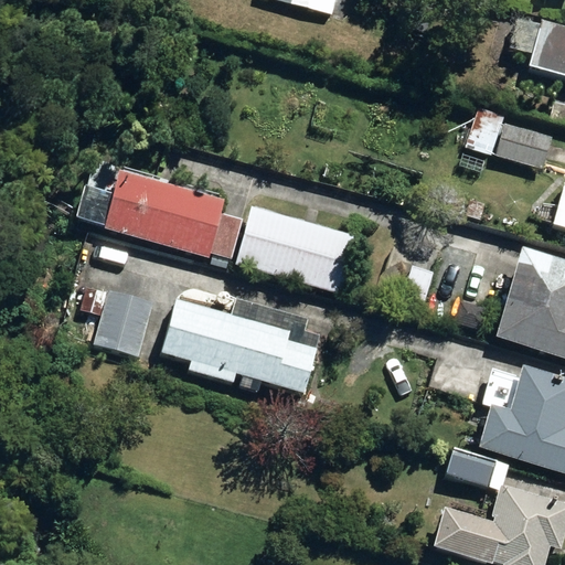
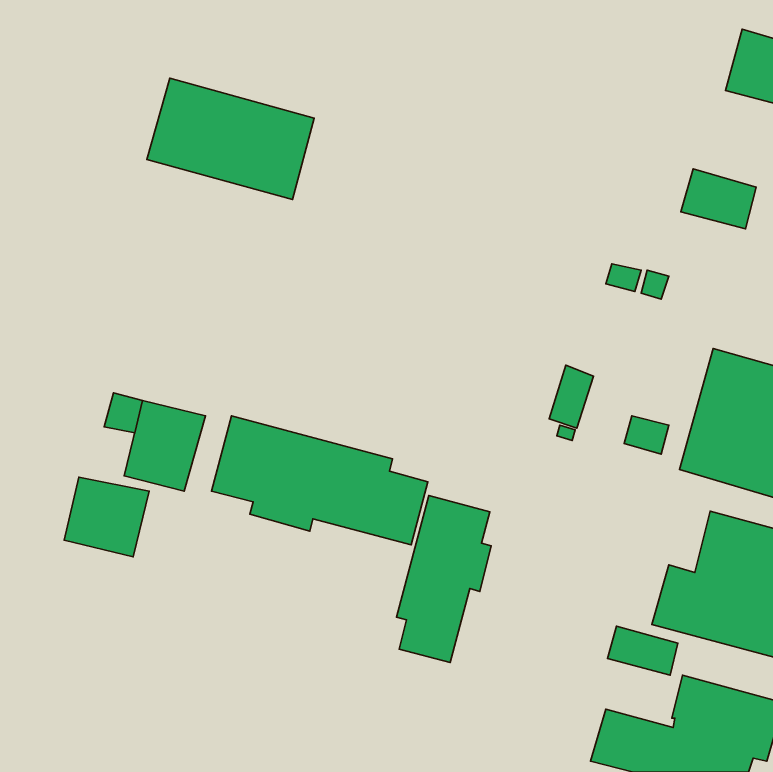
building: [104,169,224,256] -> [147,78,314,200]
building: [236,206,356,291] -> none
building: none -> [64,477,149,557]
building: none -> [396,496,491,663]

